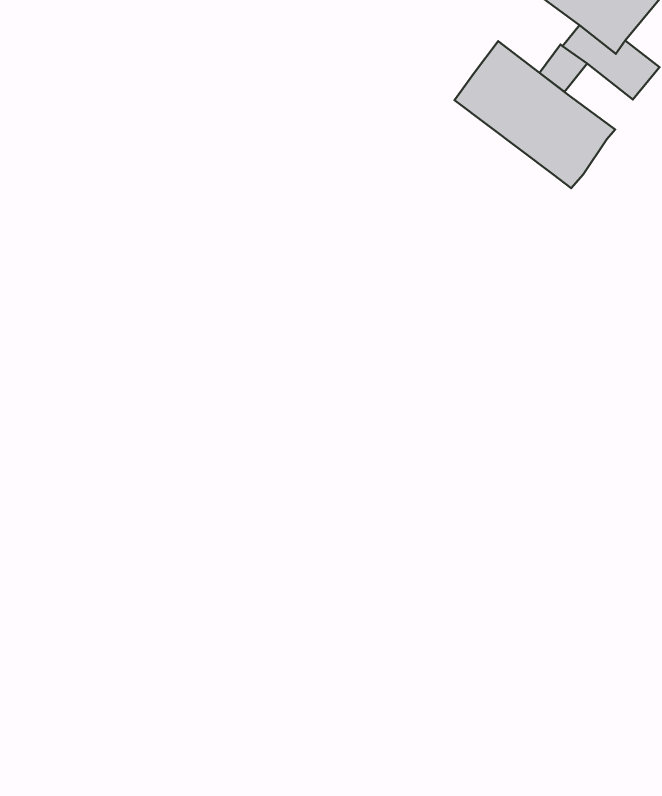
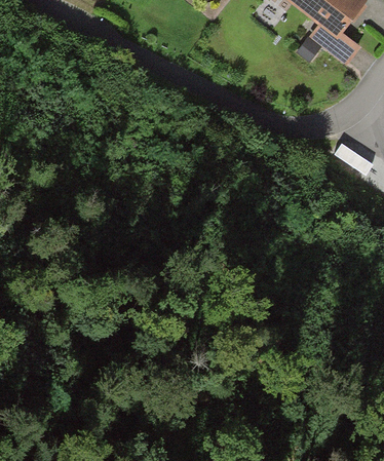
building: [455,41,615,188] -> none

